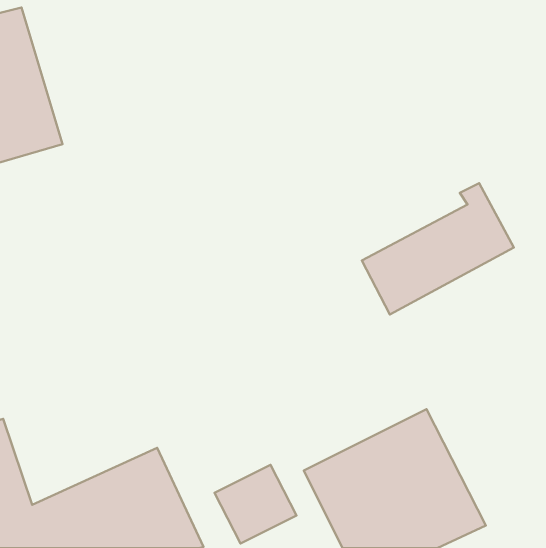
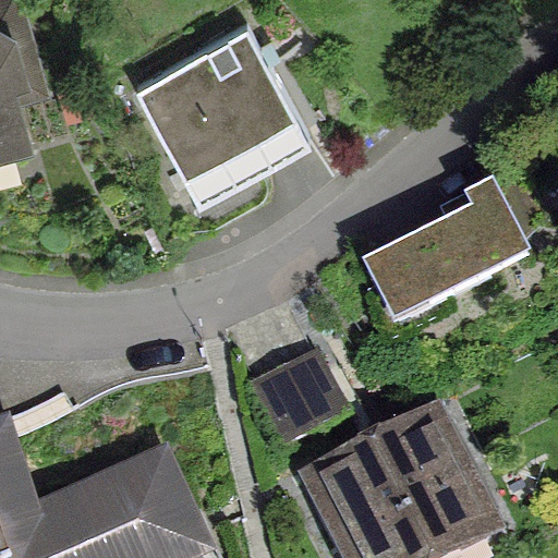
building: none -> [138,24,299,182]
building: [215,465,296,543] -> [255,356,338,436]

